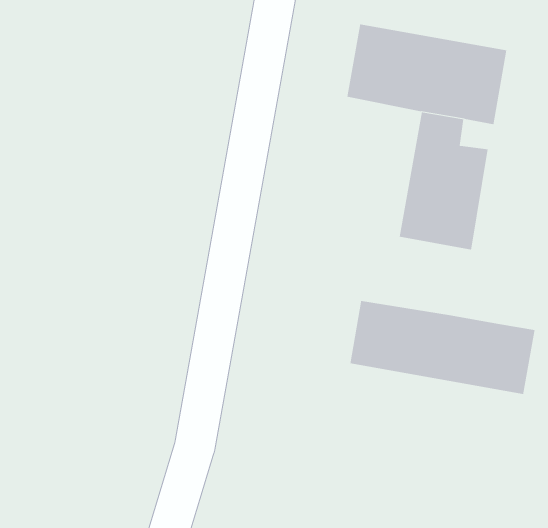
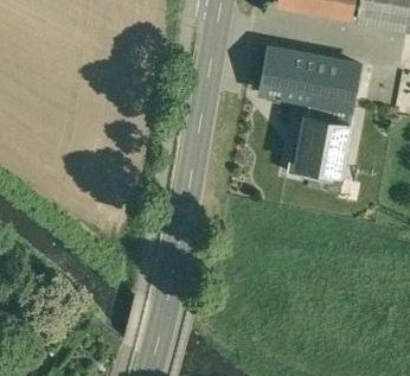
building: [350,300,535,395] -> none

